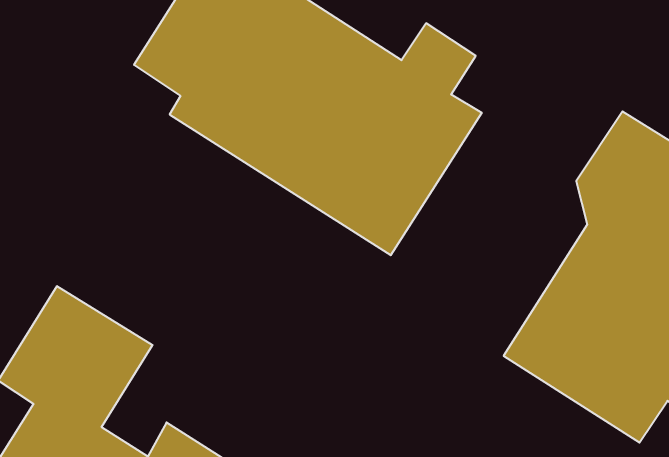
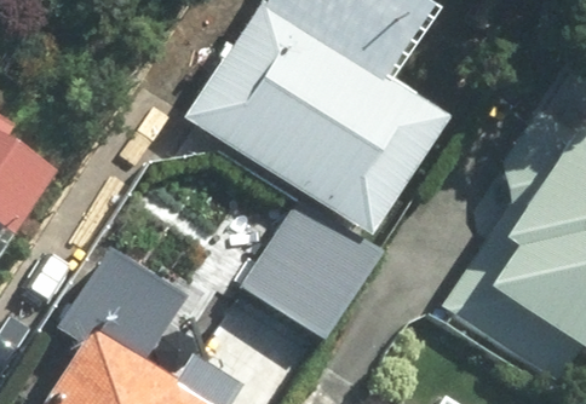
building: none -> [252,207,373,333]

